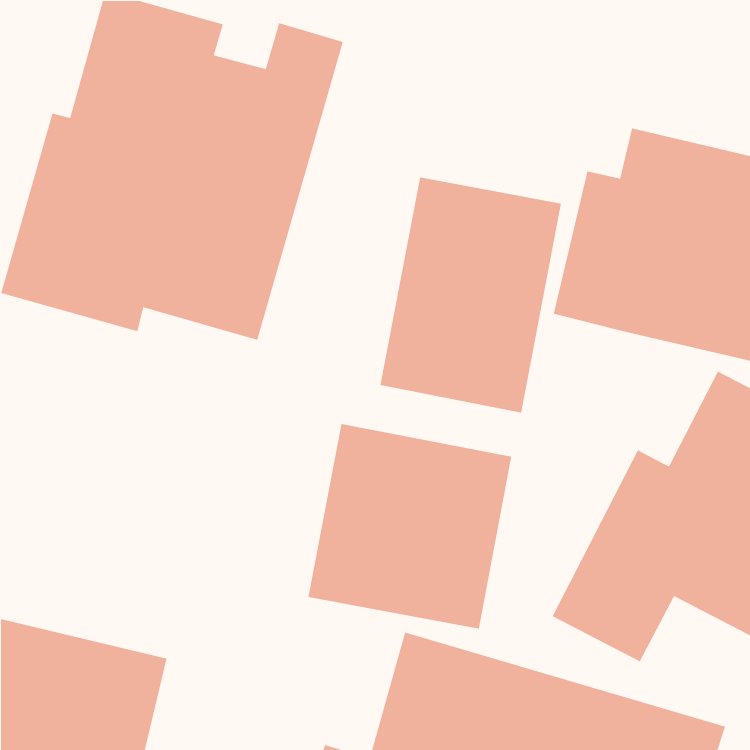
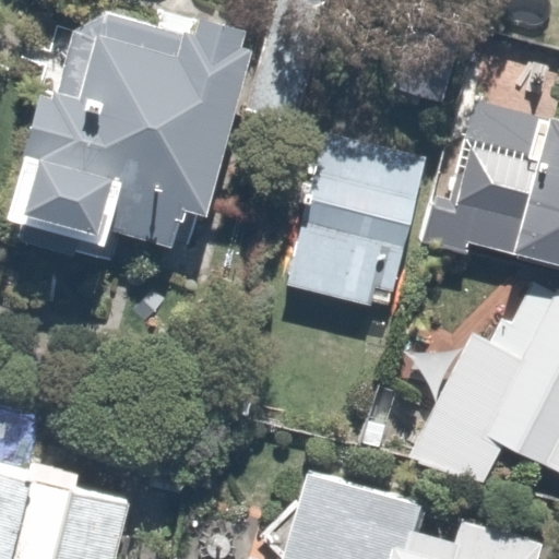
building: [308,423,512,629] -> none

